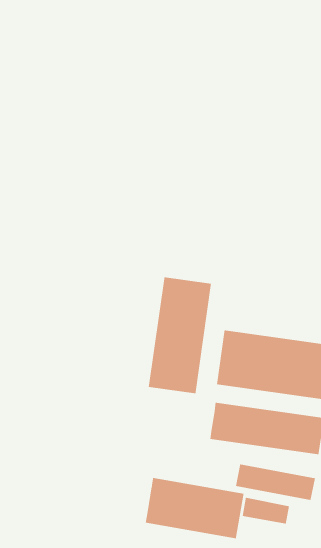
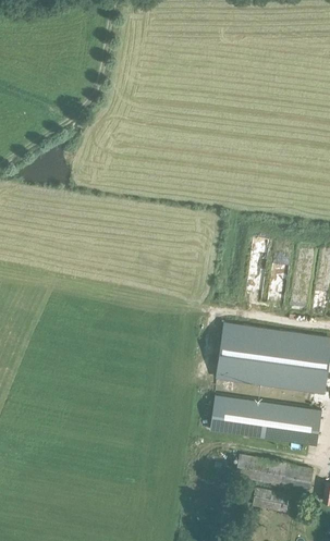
building: [148,277,211,394] -> none
building: [145,477,244,539] -> none

